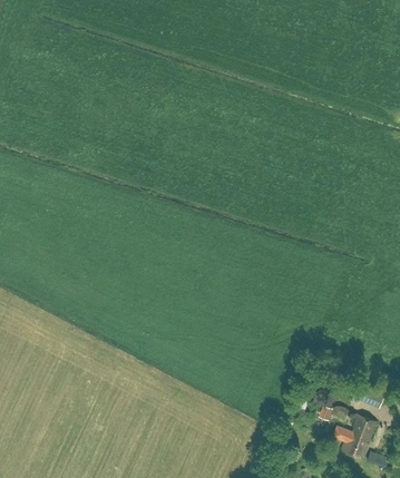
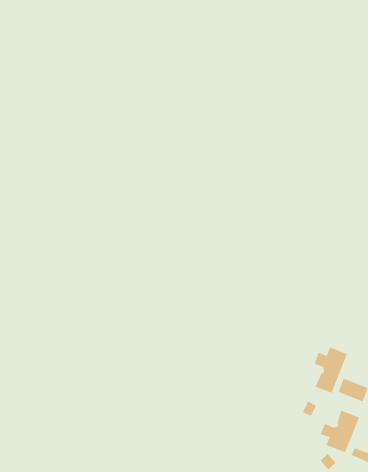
building: none -> [314,346,348,394]

